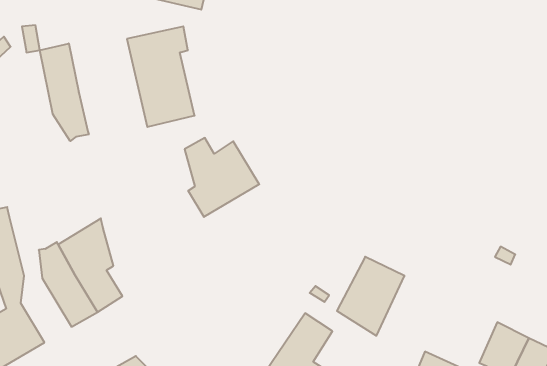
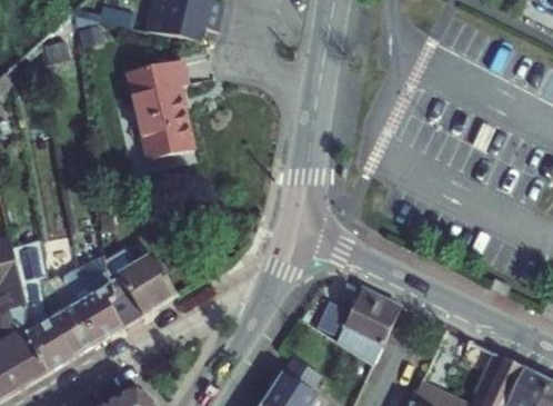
building: [40,43,89,141] -> none
building: [185,138,259,217] -> [103,249,177,327]
building: none -> [11,241,72,373]

